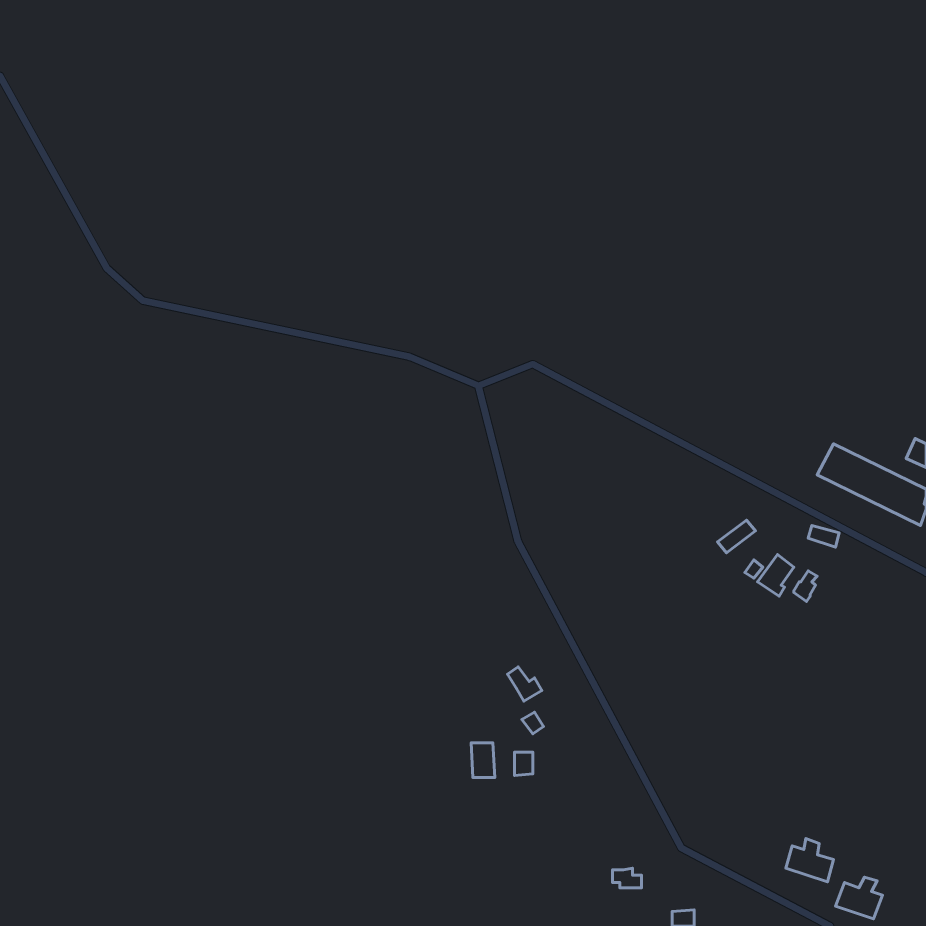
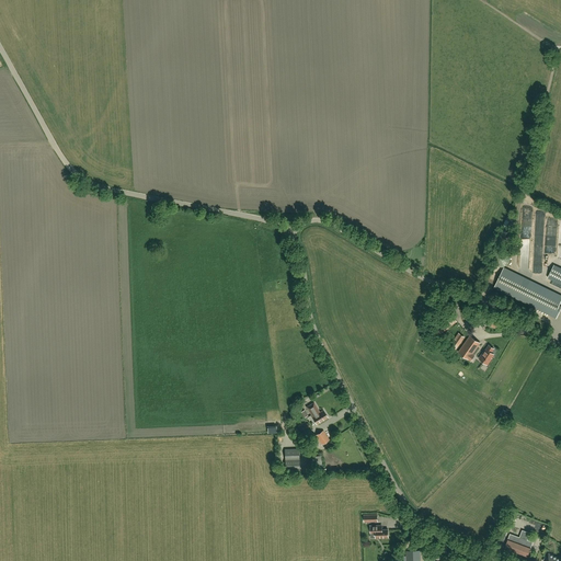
building: [786,839,834,882] -> none

